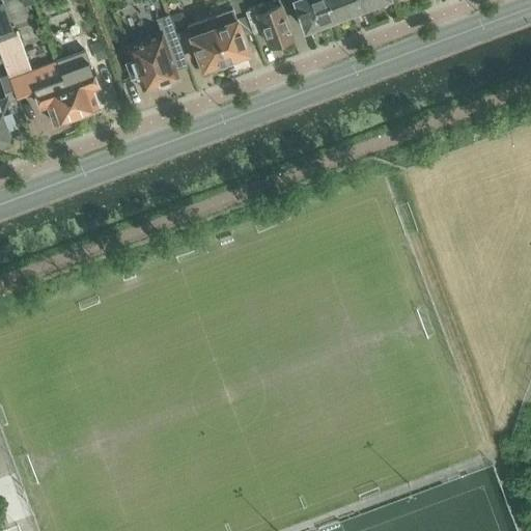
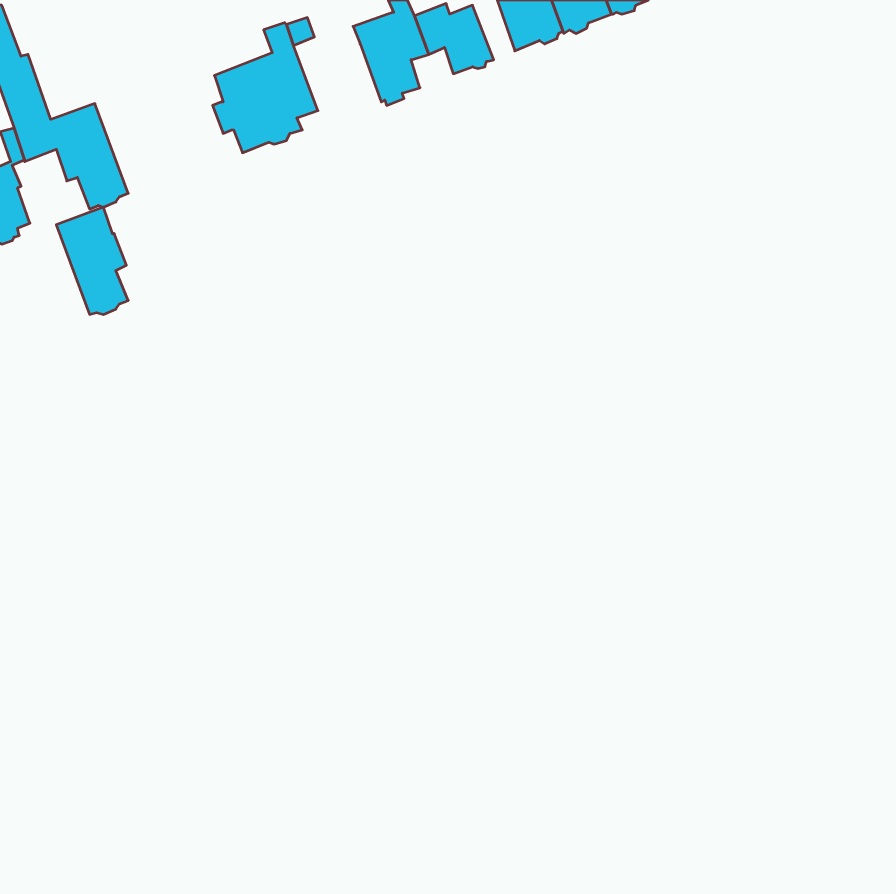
building: [186,18,225,71] -> none
building: [56,53,99,116] -> [56,207,128,314]

